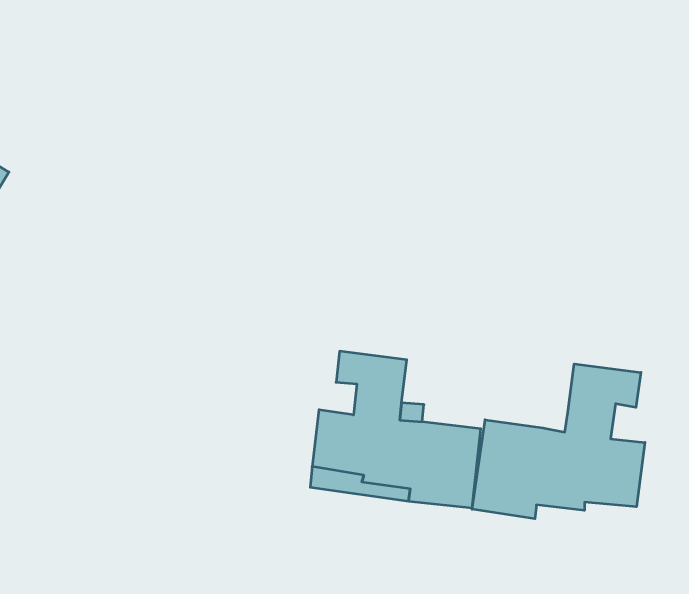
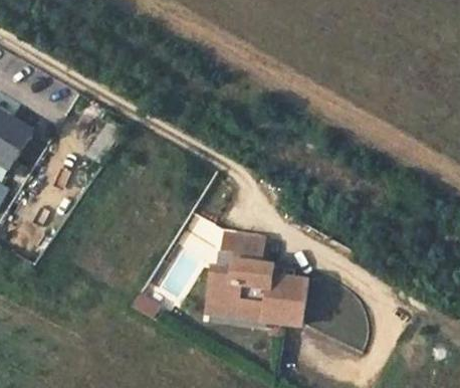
building: [472,364,645,519] -> none

